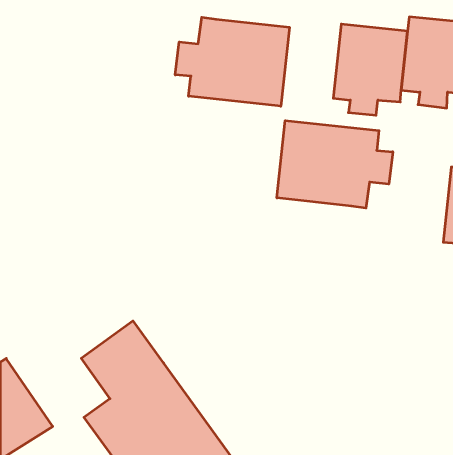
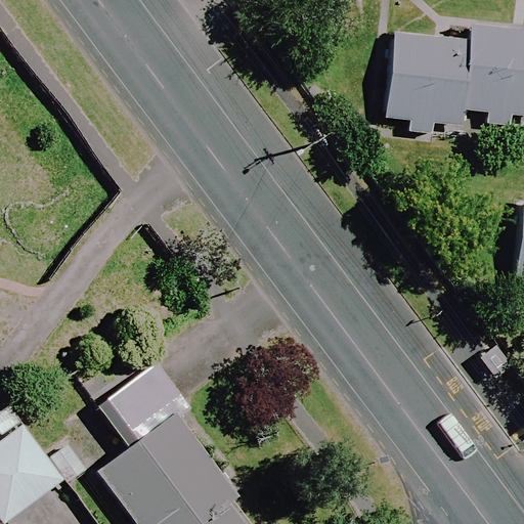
building: [175,17,289,106] -> none
building: [277,121,393,208] -> none

